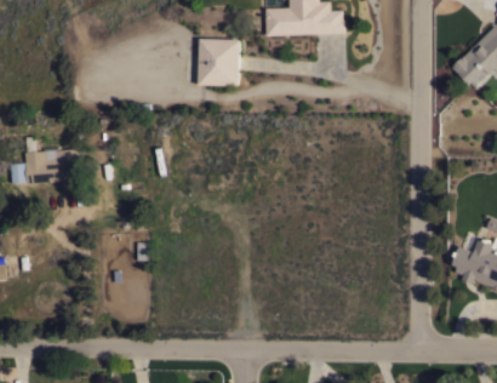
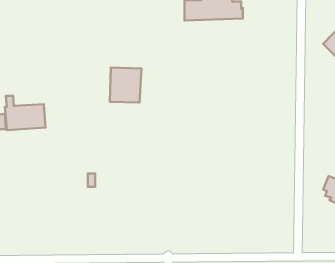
building: [198,39,240,86] -> [110,68,141,103]

